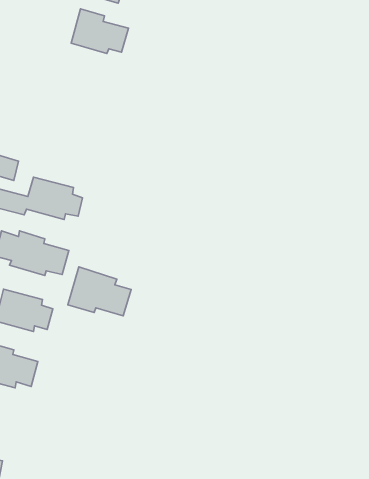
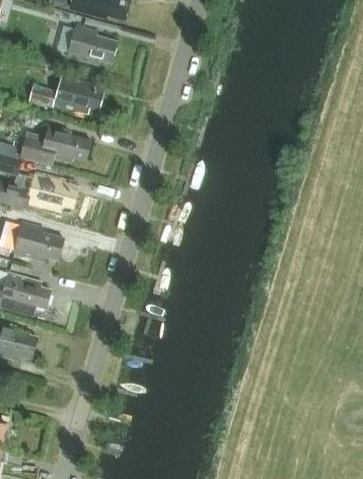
building: none -> [28,74,103,112]
building: none -> [19,124,91,165]
building: [68,267,131,316] -> none

